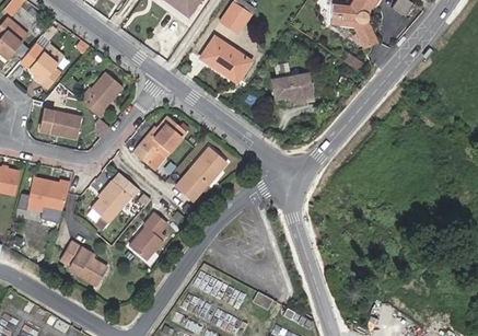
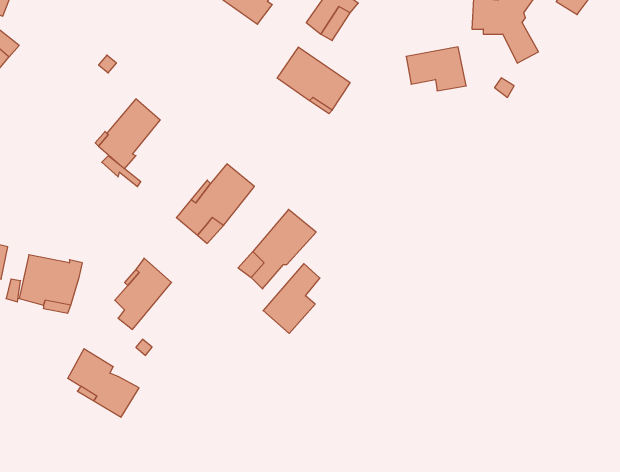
building: [28,45,63,88] -> none
building: [272,73,313,103] -> [406,47,466,91]
building: [48,112,84,141] -> none
building: [128,212,166,259] -> [263,264,320,333]

